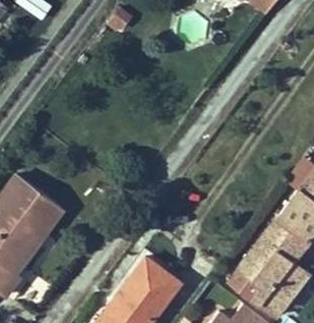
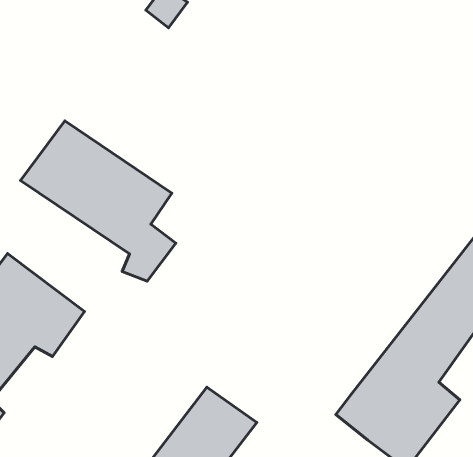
building: none -> [21,121,176,281]

